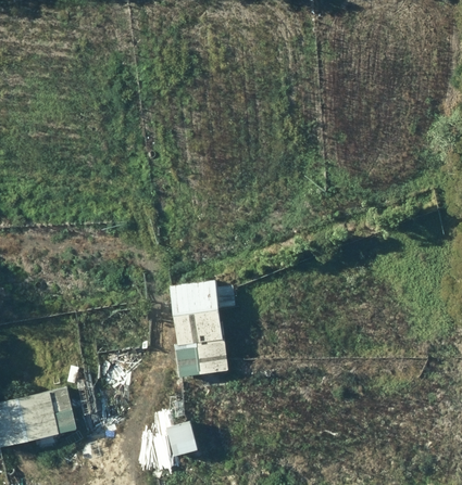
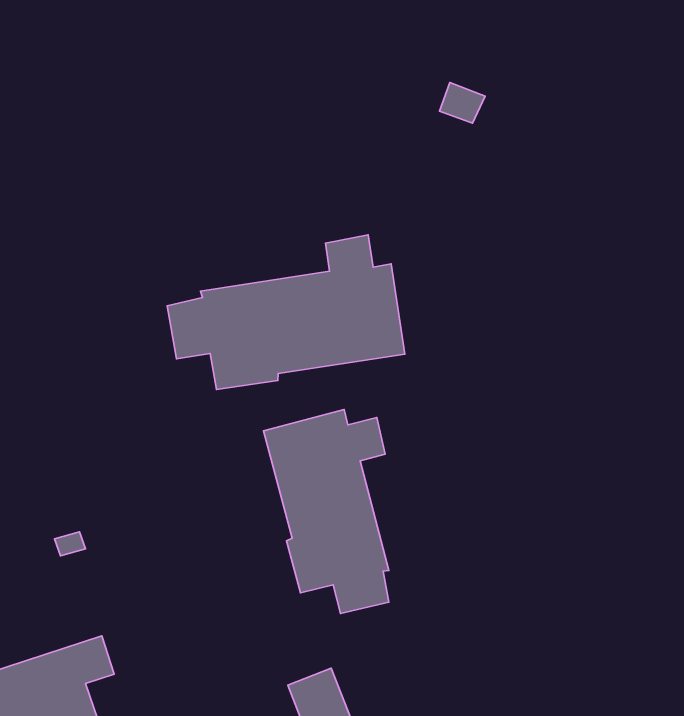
building: none -> [167,235,405,390]

